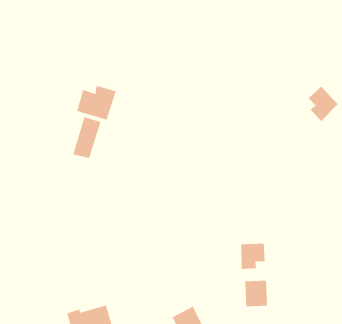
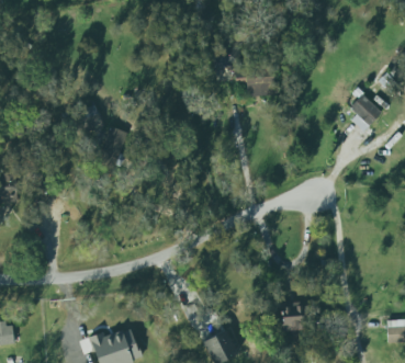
building: [77,85,117,120] -> none
building: [241,243,265,270] -> none

